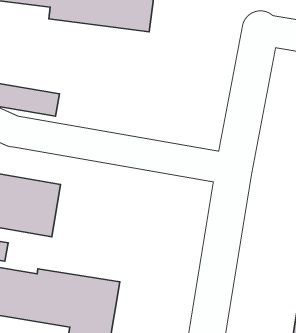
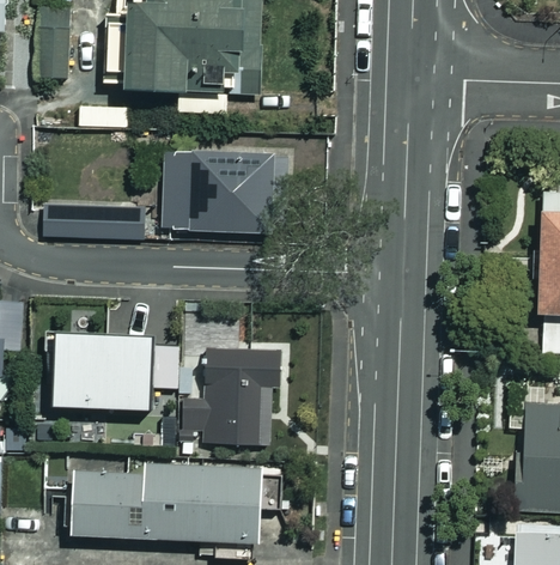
building: none -> [163,151,284,231]
building: none -> [182,348,284,444]

